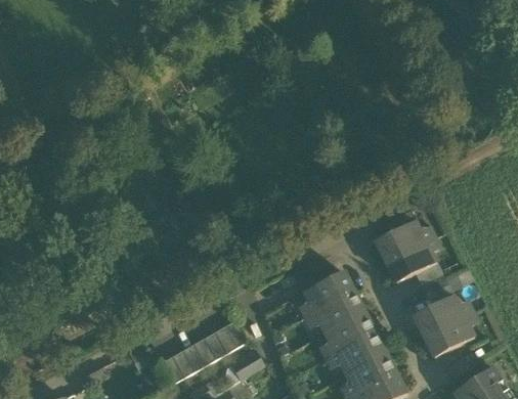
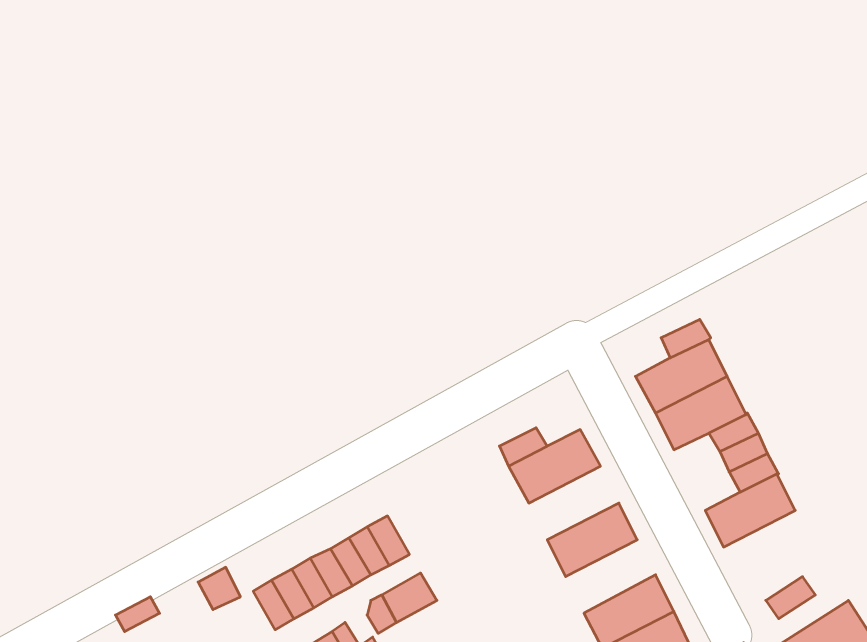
building: [314,293,364,334] -> none
building: [423,317,474,358] -> none
building: [335,334,385,374] -> none

